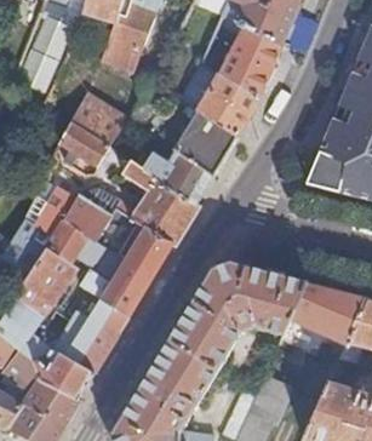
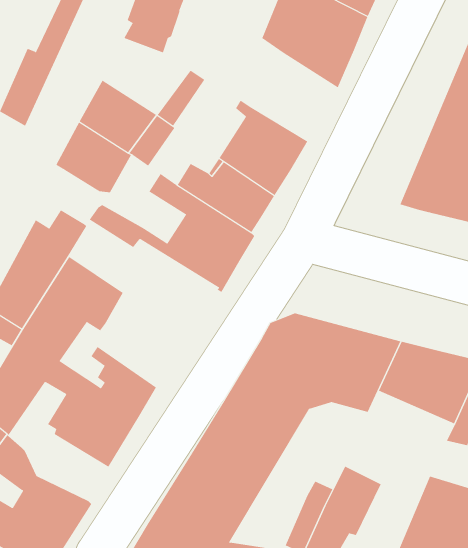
building: [196,73,261,137] -> none
building: [64,194,173,316] -> none
building: [33,350,93,399] -> none

